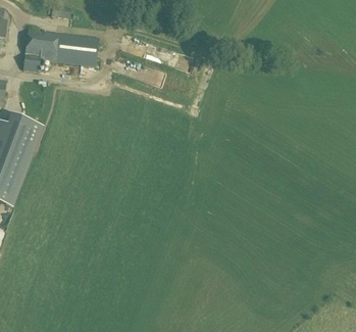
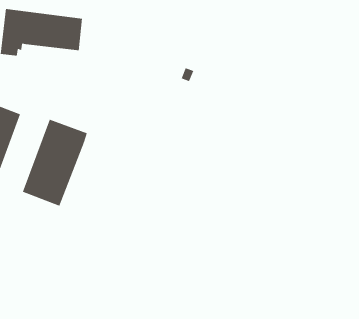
building: none -> [22,119,88,207]

